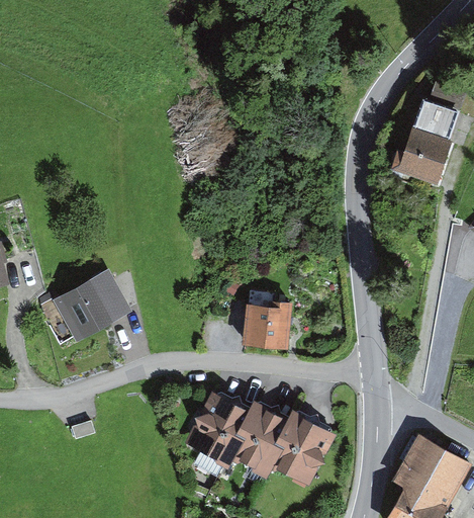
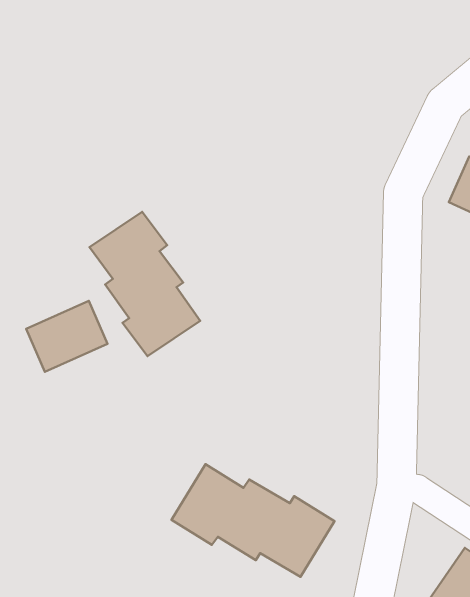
building: none -> [89,212,200,356]
building: [241,304,288,349] -> none

